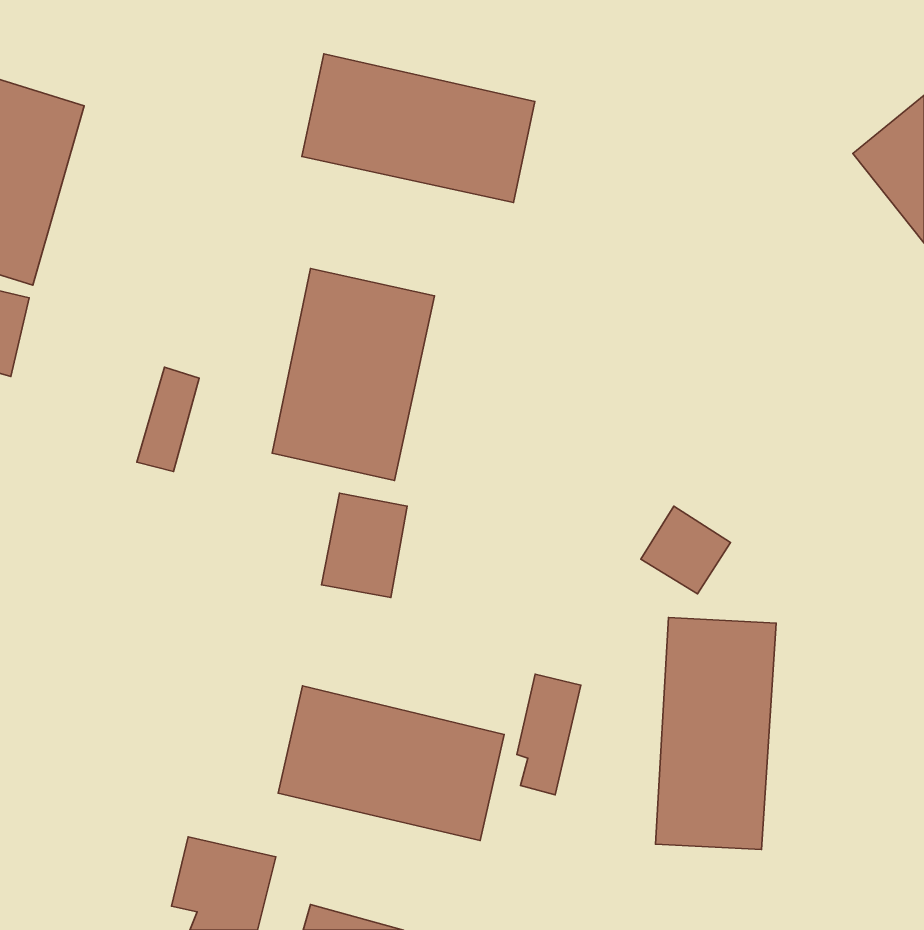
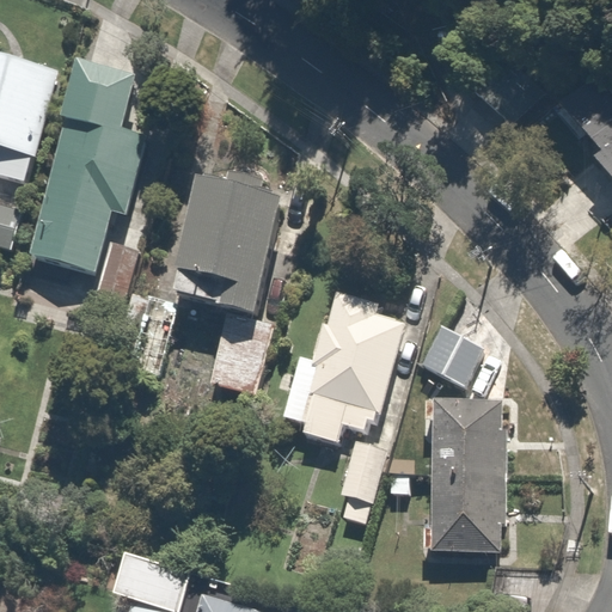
building: [302,54,535,203] -> none
building: none -> [29,62,154,276]
building: none -> [279,290,402,441]
building: [278,686,504,840] -> none

